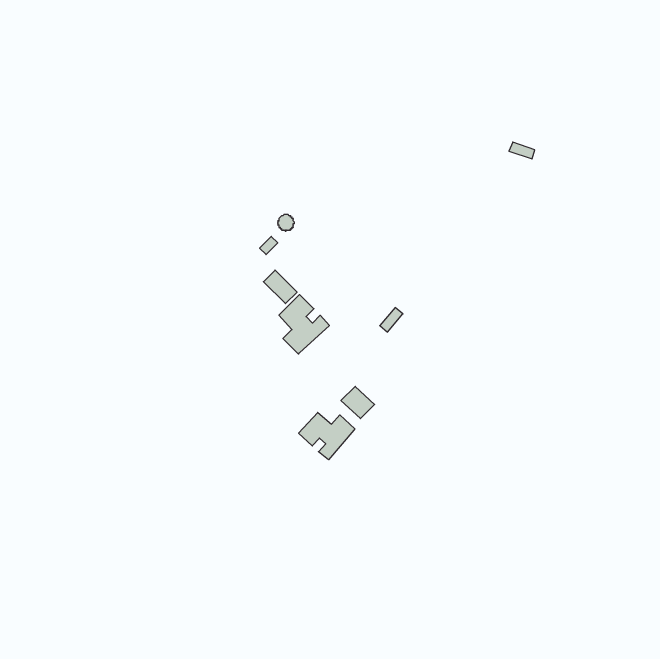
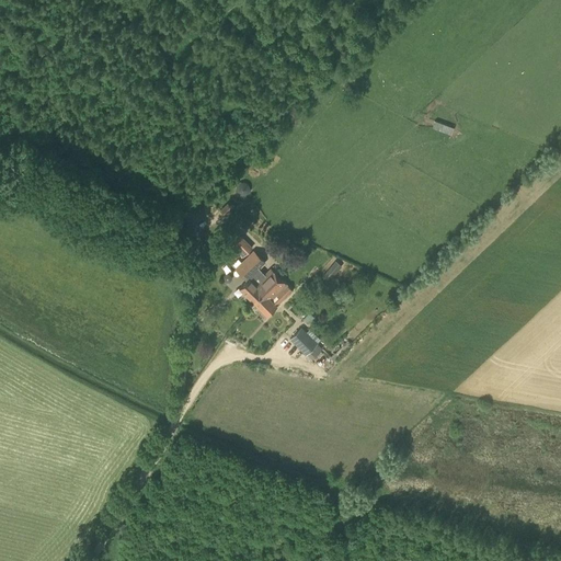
building: none -> [253,277,293,316]
building: [299,412,355,460] -> none

